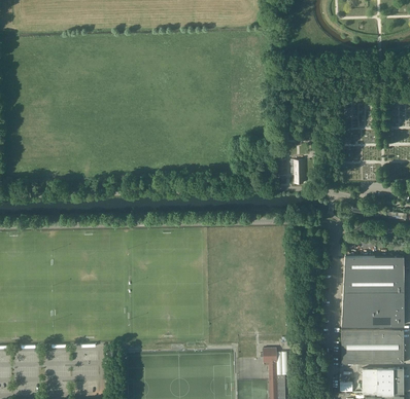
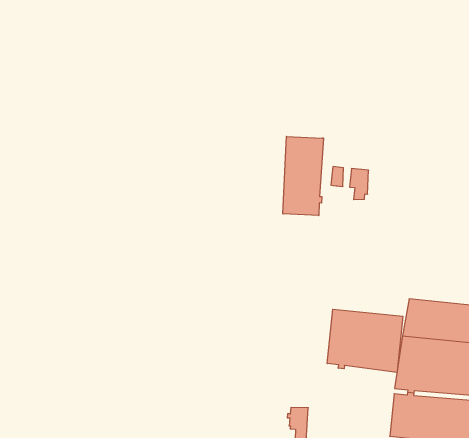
building: none -> [283,136,323,216]
building: none -> [327,309,403,372]

